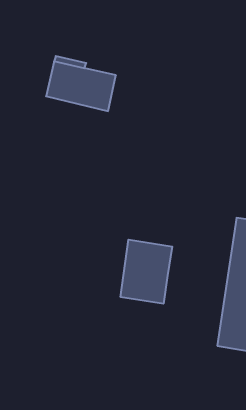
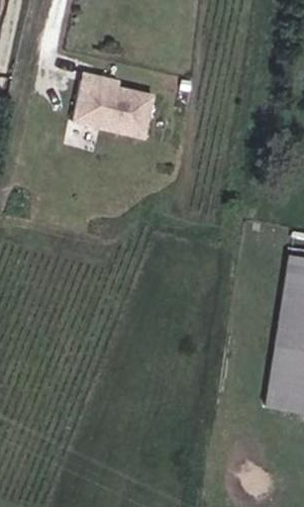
building: [121,240,172,304] -> none

